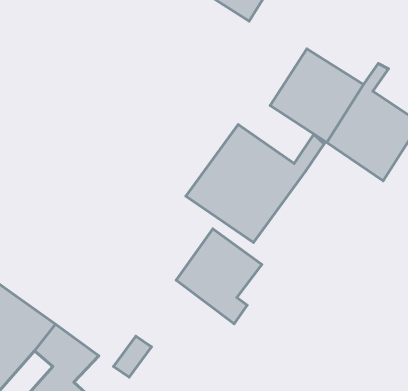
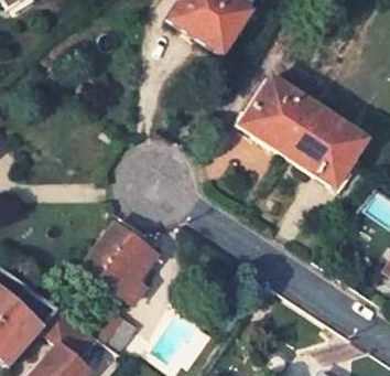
building: [186,124,324,243] -> none
building: [176,229,262,324] -> [84,224,155,303]

